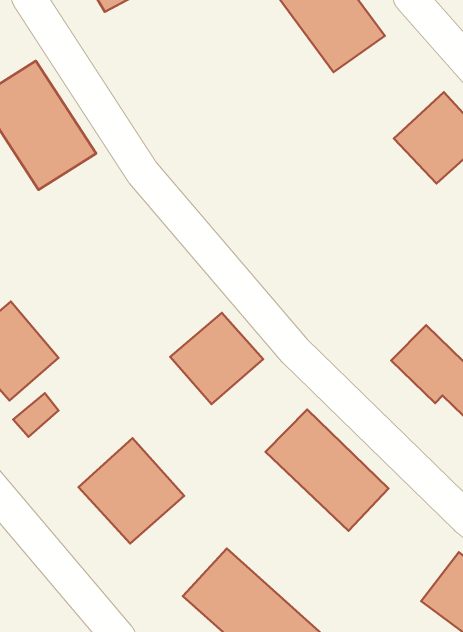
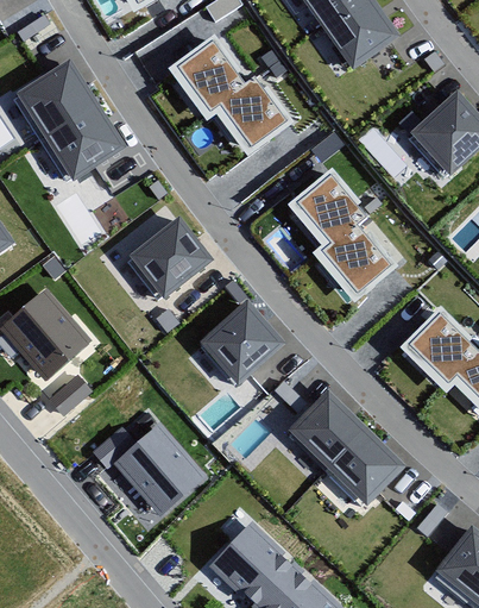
building: none -> [162,30,294,159]
building: none -> [295,170,392,297]
building: none -> [126,217,210,300]

